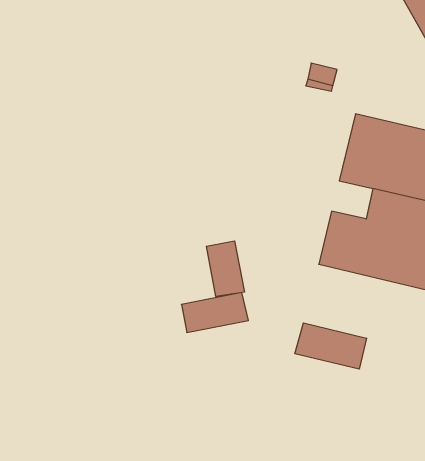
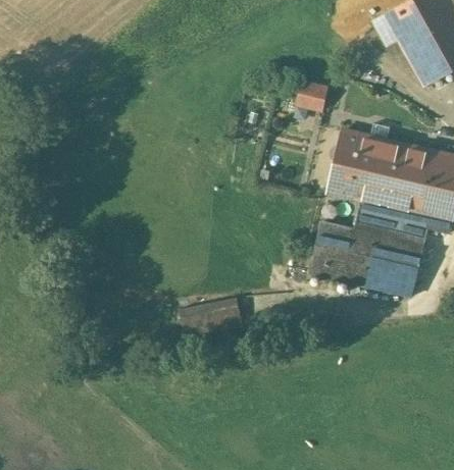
building: [206,241,244,297] -> none
building: [295,323,366,369] -> none

